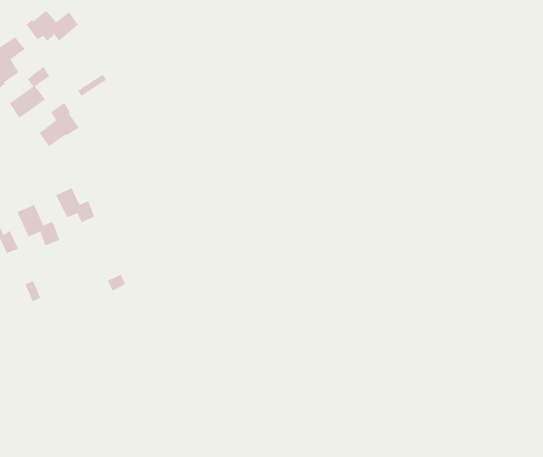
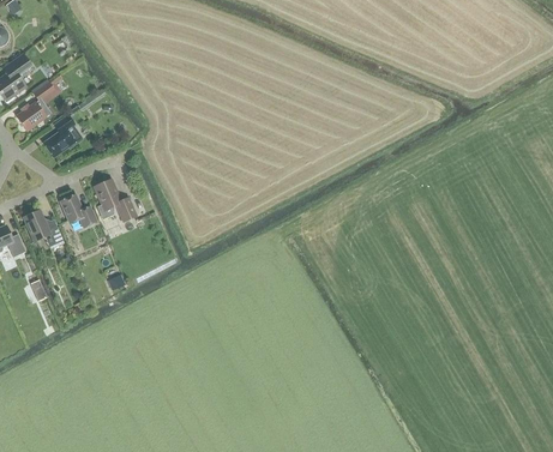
building: [25,10,79,42] -> none
building: none -> [94,179,136,222]

